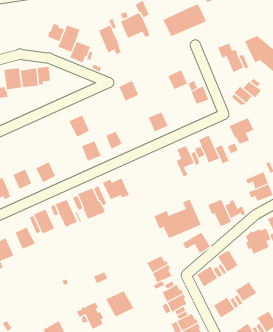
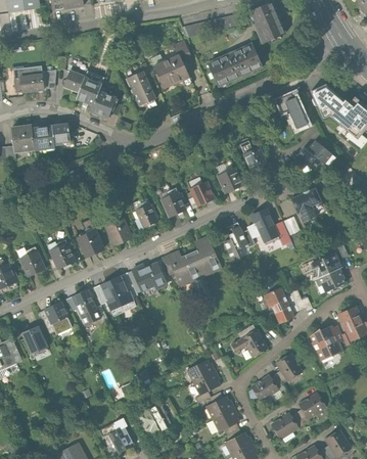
building: none -> [12,65,56,93]
building: [168,70,188,90] -> [217,169,242,194]
building: [119,80,139,101] -> [160,190,186,217]
building: [69,115,90,138] -> [76,228,102,257]
building: [153,199,202,239] -> [162,236,222,286]

